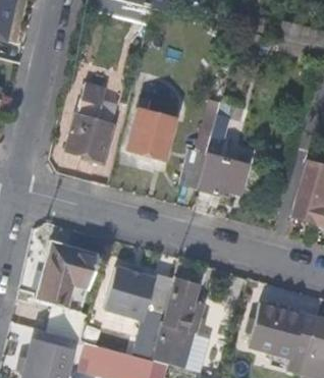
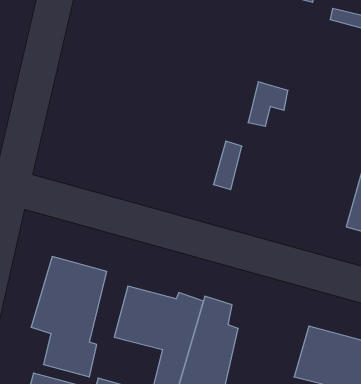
building: [68,82,112,162] -> none
building: [129,96,181,158] -> none
building: [199,153,240,194] -> none

